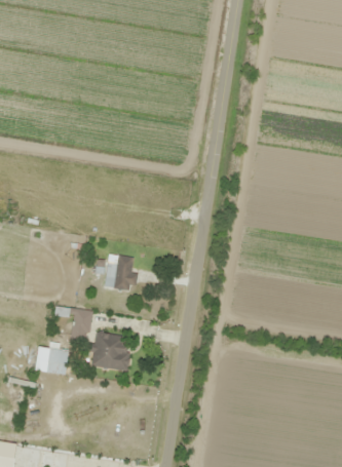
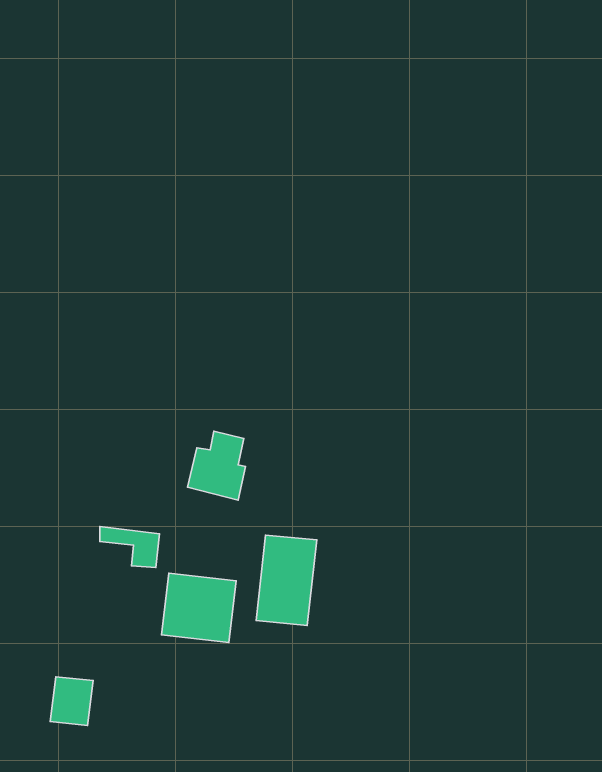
building: none -> [256,535,317,626]
building: [45,348,69,375] -> [50,677,93,725]

